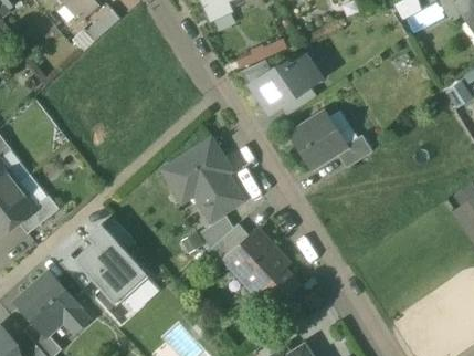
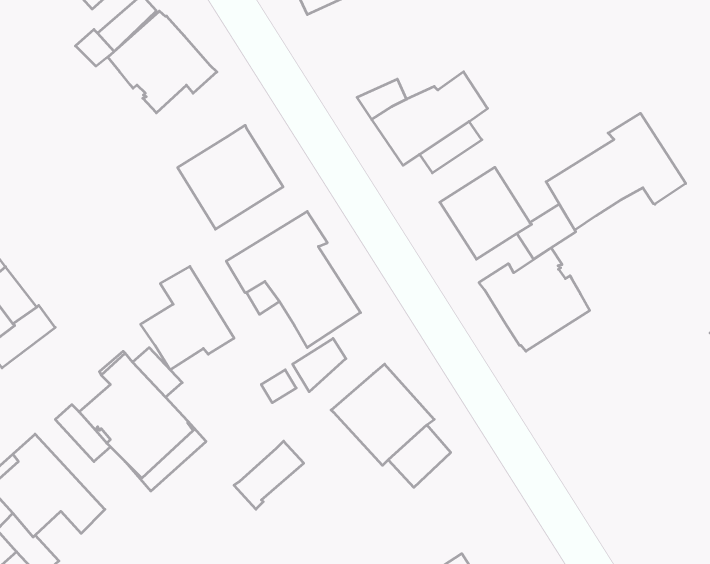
building: none -> [108,11,217,113]
building: none -> [546,113,686,230]
building: none -> [178,125,283,229]
building: none -> [479,248,590,351]
building: none -> [141,266,234,370]
building: [208,222,250,263] -> [234,441,304,509]

